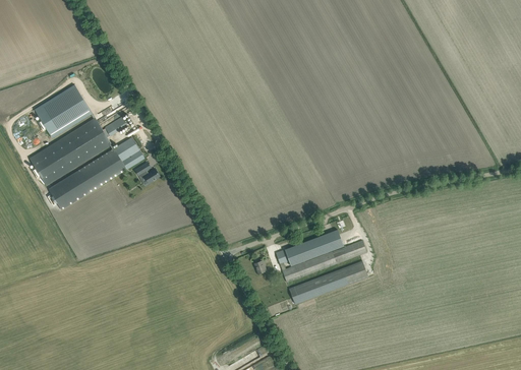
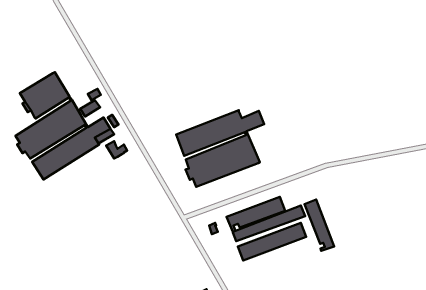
building: none -> [176,110,264,187]
building: none -> [304,199,334,251]

